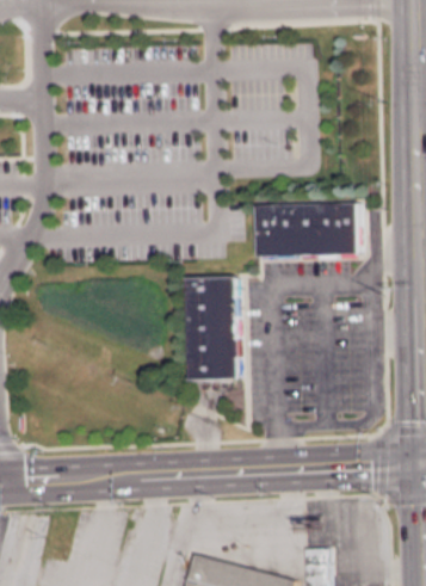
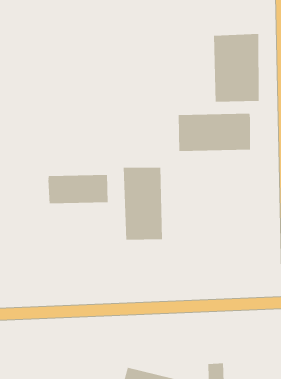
building: none -> [213,33,259,103]
building: none -> [48,174,108,204]

